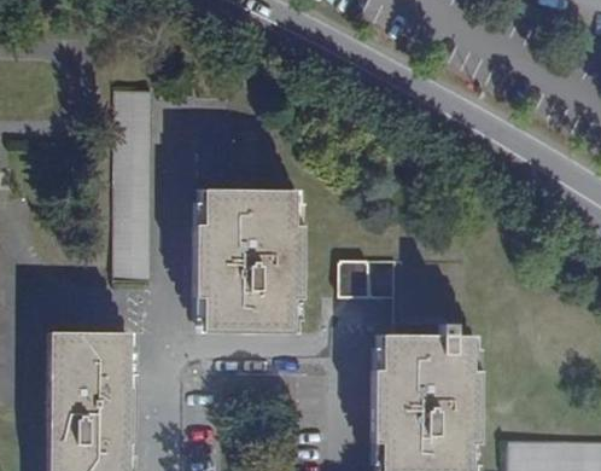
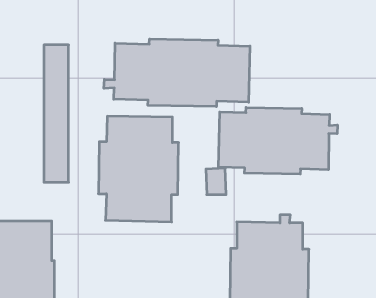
building: none -> [104,39,250,107]
building: none -> [219,107,337,174]

